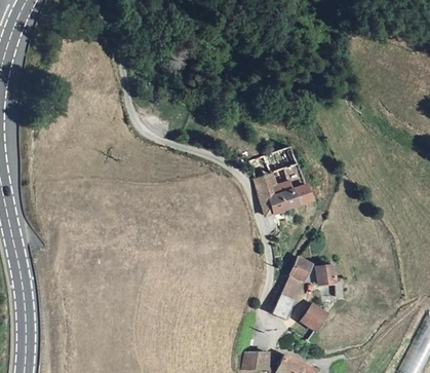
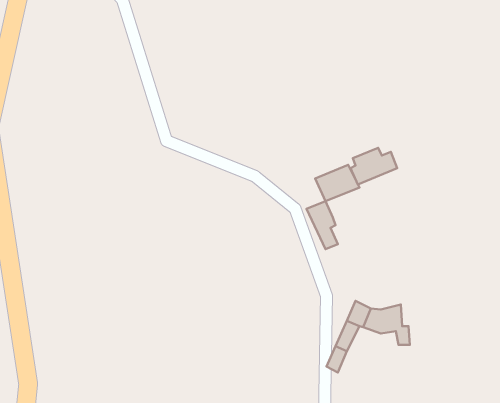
building: [279,183,317,213] -> [350,148,397,185]
building: [301,303,326,329] -> none

